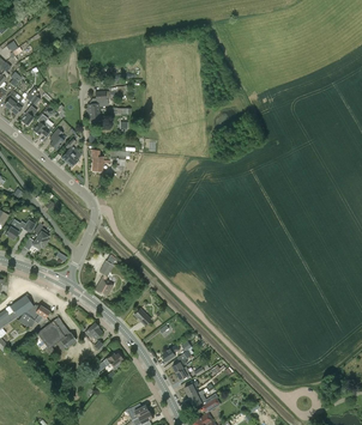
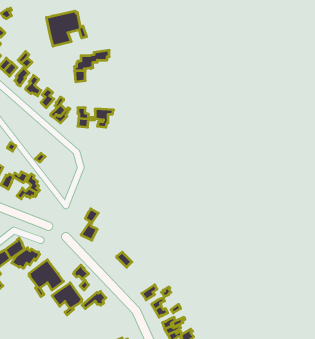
building: none -> [46,11,87,46]
building: none -> [52,283,82,315]

